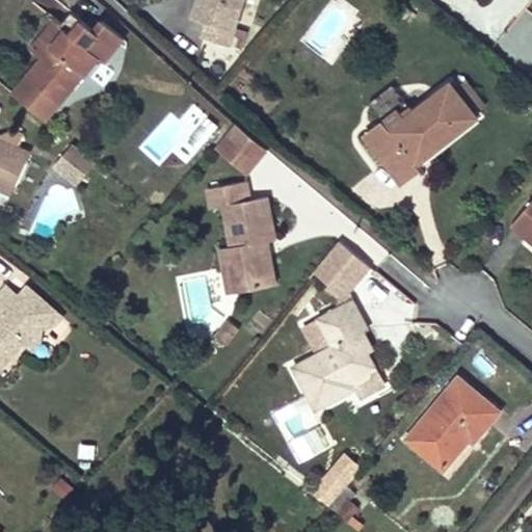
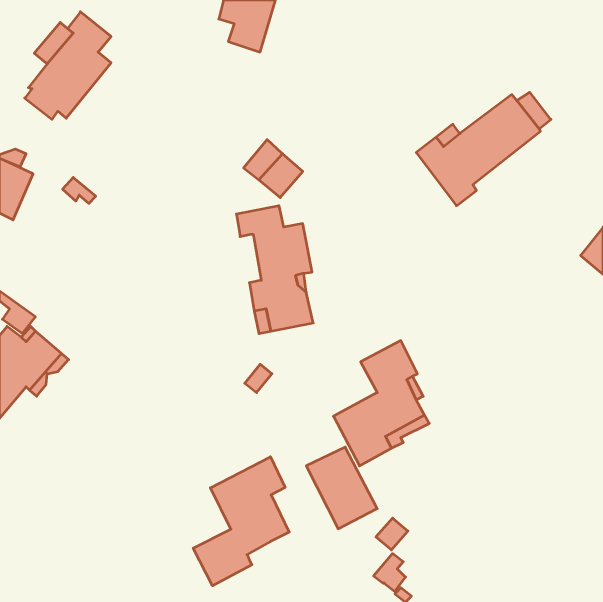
building: [316,240,368,293] -> none
building: [407,379,498,470] -> none
building: none -> [193,457,289,586]

